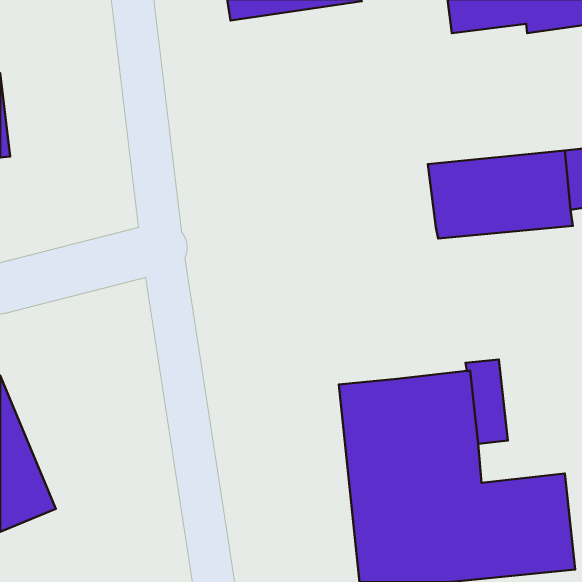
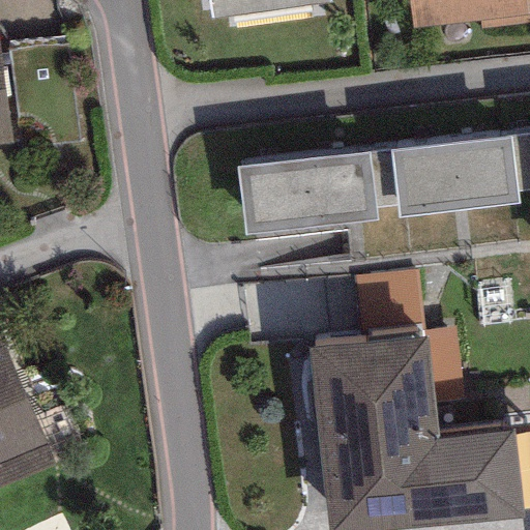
building: none -> [235,149,396,234]
building: none -> [353,268,424,344]

